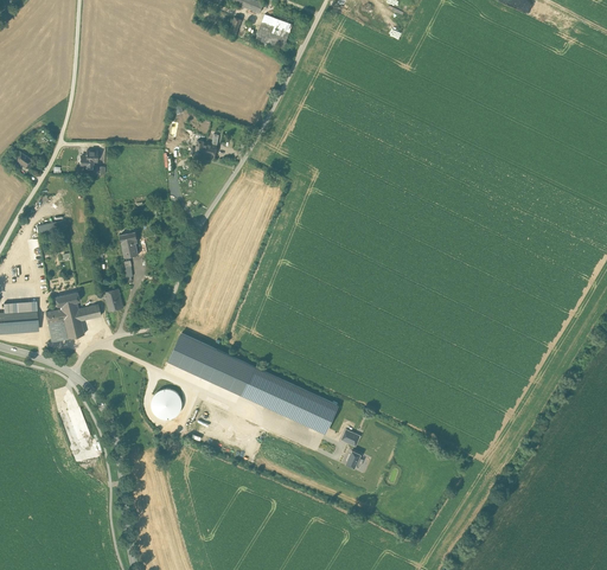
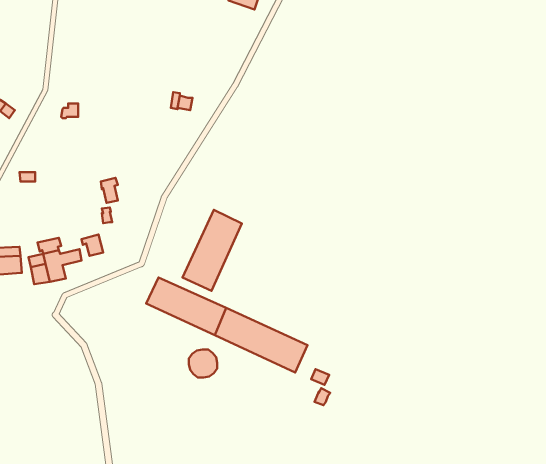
building: none -> [183,210,242,291]
building: [152,390,181,420] -> [189,349,217,378]

